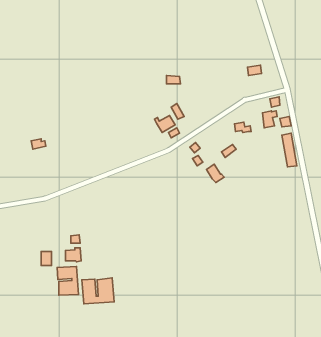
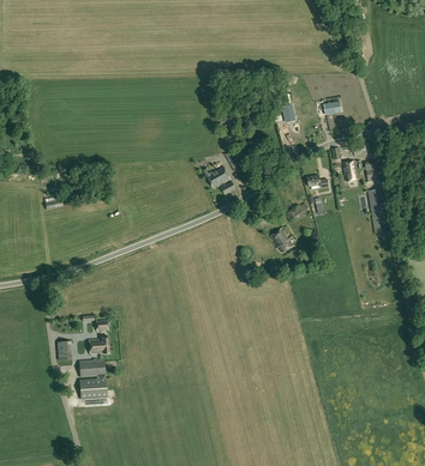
building: [82,278,114,304] -> none

